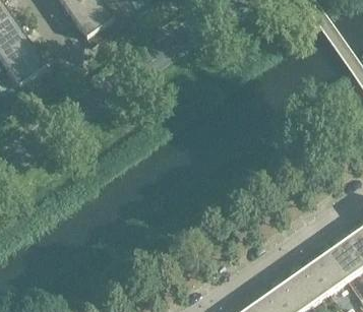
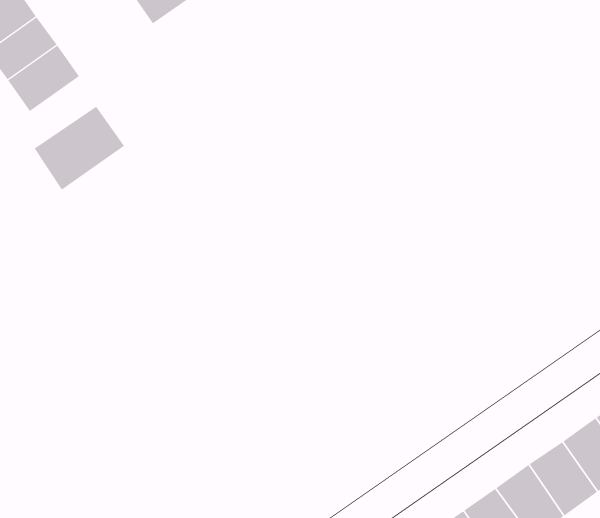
building: none -> [34,106,125,191]

